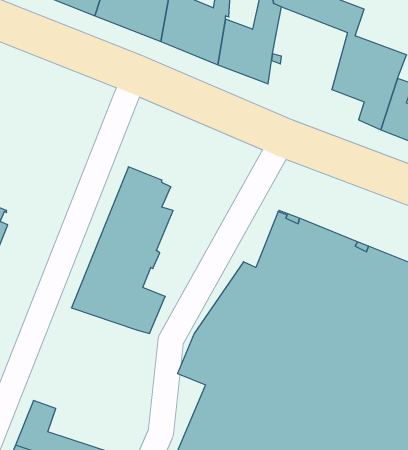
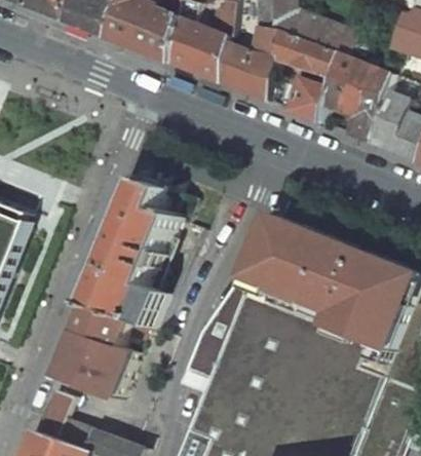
building: none -> [269,29,335,121]
building: none -> [51,305,142,400]

